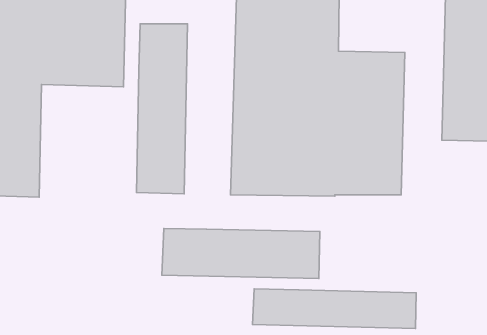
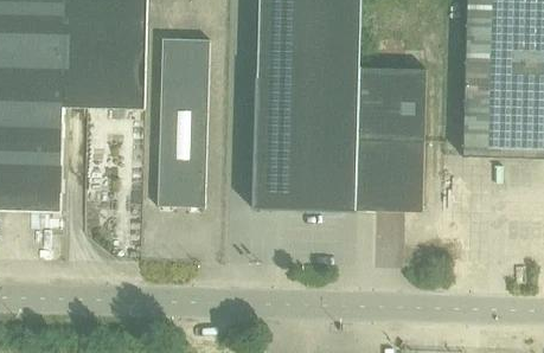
building: [162,228,320,279] -> none
building: [252,289,416,328] -> none

